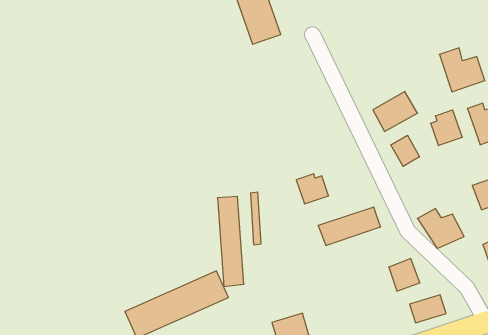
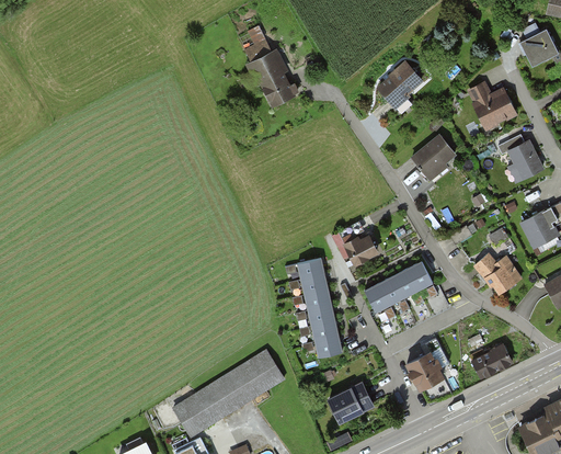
building: none -> [376,59,426,109]
building: [431,110,462,146] -> none
building: [391,135,420,166] -> none
building: [217,196,244,287] -> [301,260,342,356]
building: [389,259,420,291] -> [409,350,444,386]

